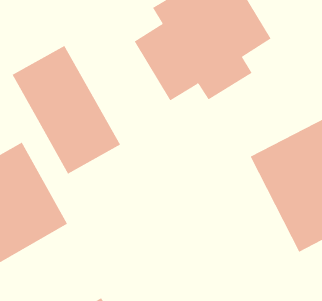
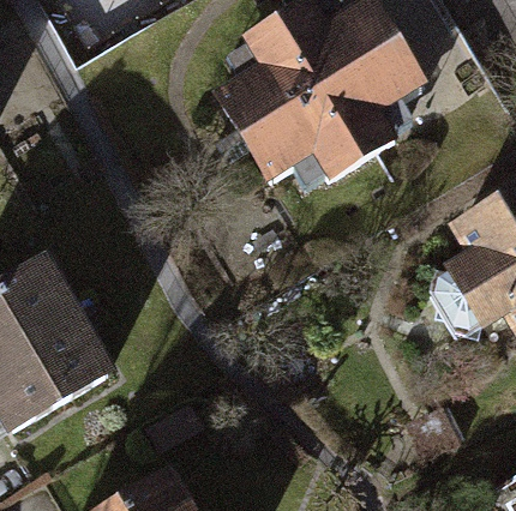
building: [12,45,121,175] -> none

